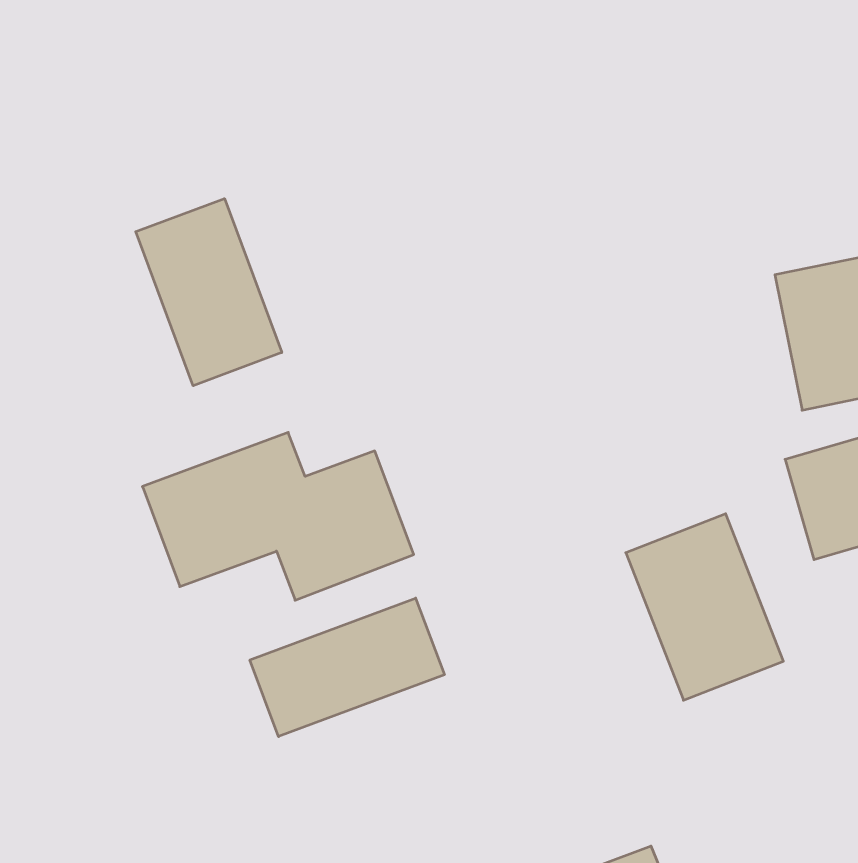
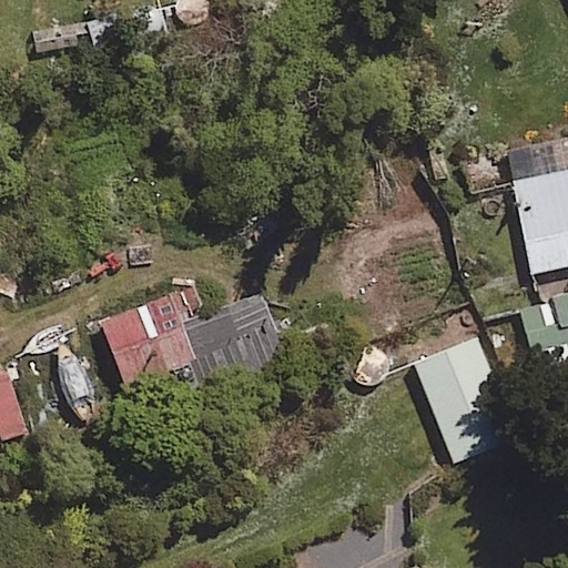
building: [136,199,282,386] -> none
building: [250,598,444,737] -> none

